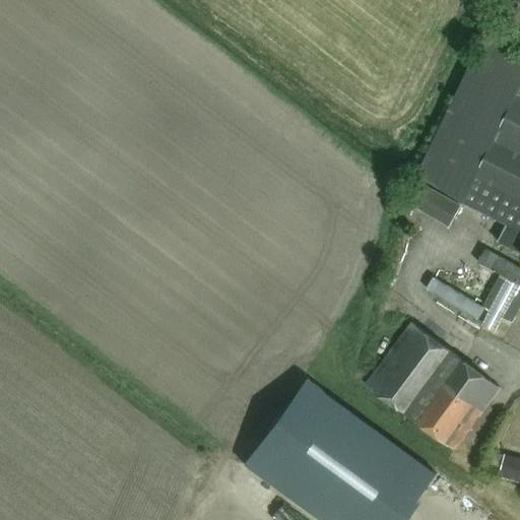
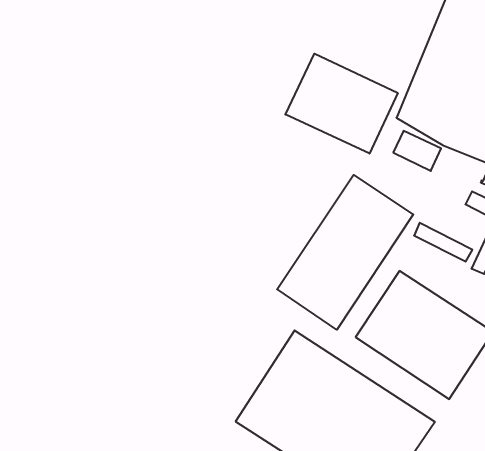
building: none -> [285,54,398,154]
building: none -> [277,175,413,330]

